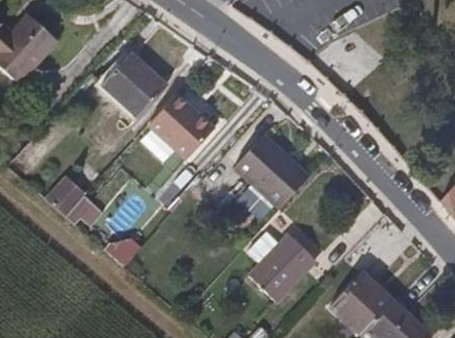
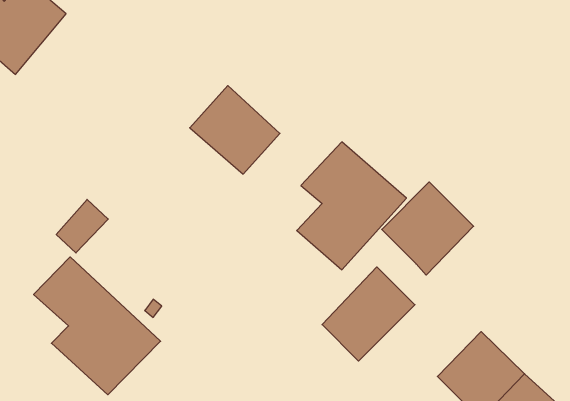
building: [104,55,166,117] -> none
building: none -> [382,182,474,275]
building: none -> [34,257,161,395]

